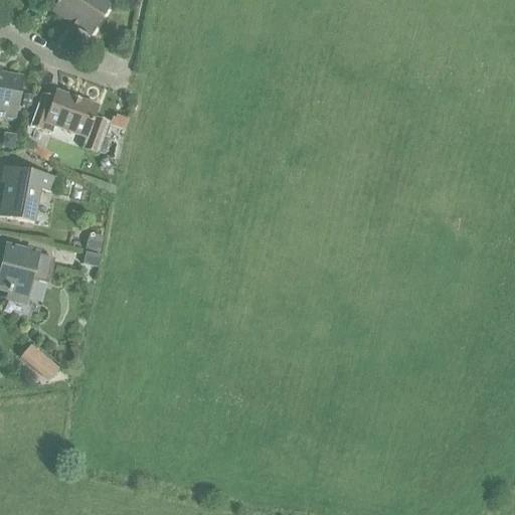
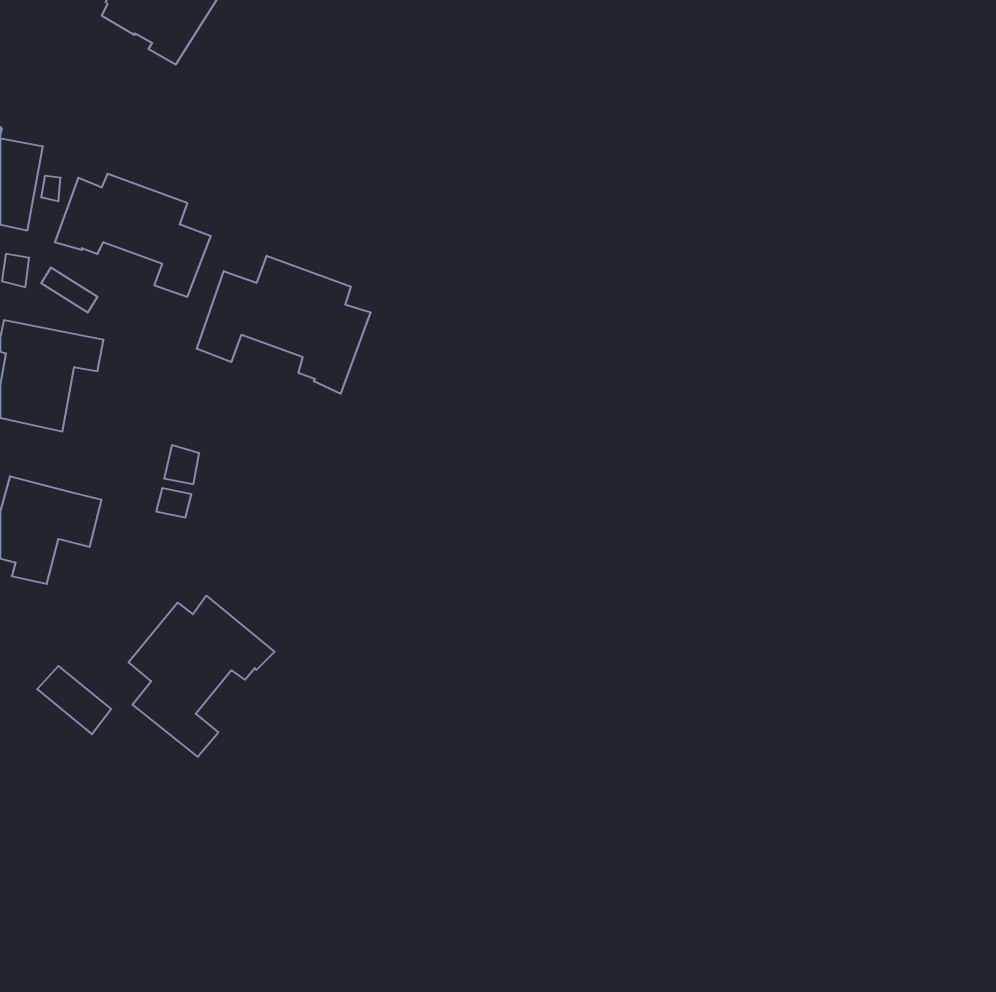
building: none -> [197,256,371,394]
building: none -> [129,596,275,757]

